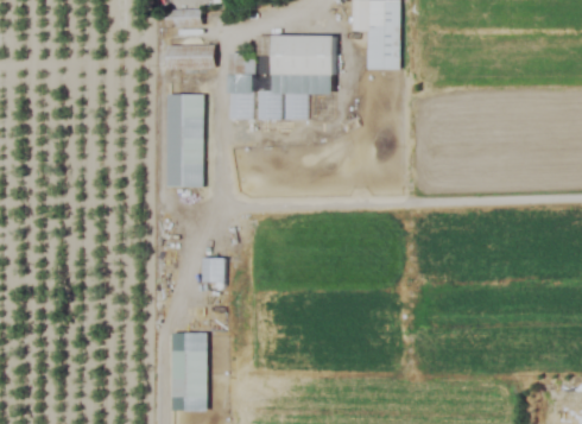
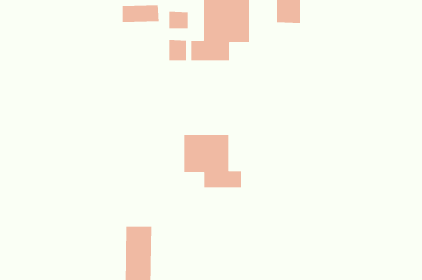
building: [166,94,204,188] -> none
building: none -> [184,134,242,188]
building: [202,258,224,283] -> none

